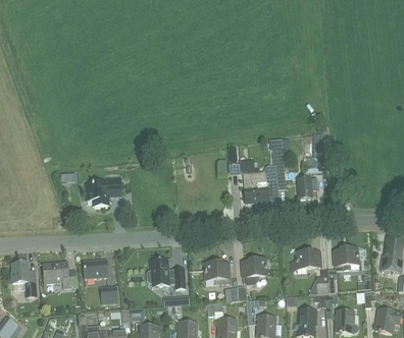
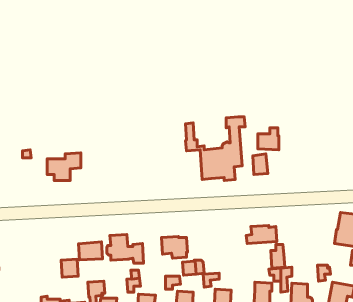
building: [334,246,359,266] -> none
building: [242,258,268,285] -> none
building: [83,260,107,278] -> [79,242,102,260]
building: [43,263,75,287] -> none

